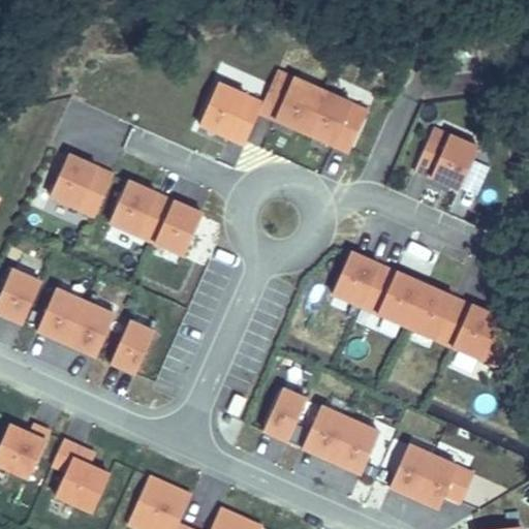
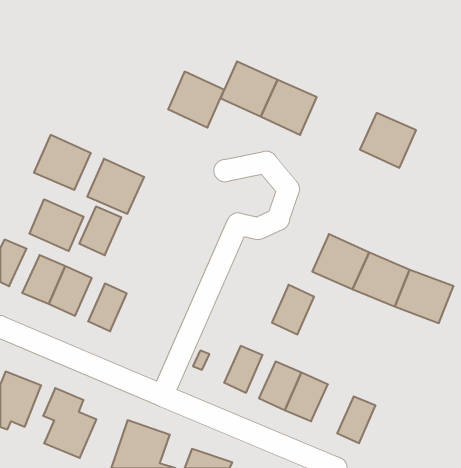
building: [153,199,200,254] -> [79,207,121,255]
building: none -> [29,199,84,251]
building: [332,250,379,306] -> [272,285,314,334]
building: [413,457,472,509] -> none

